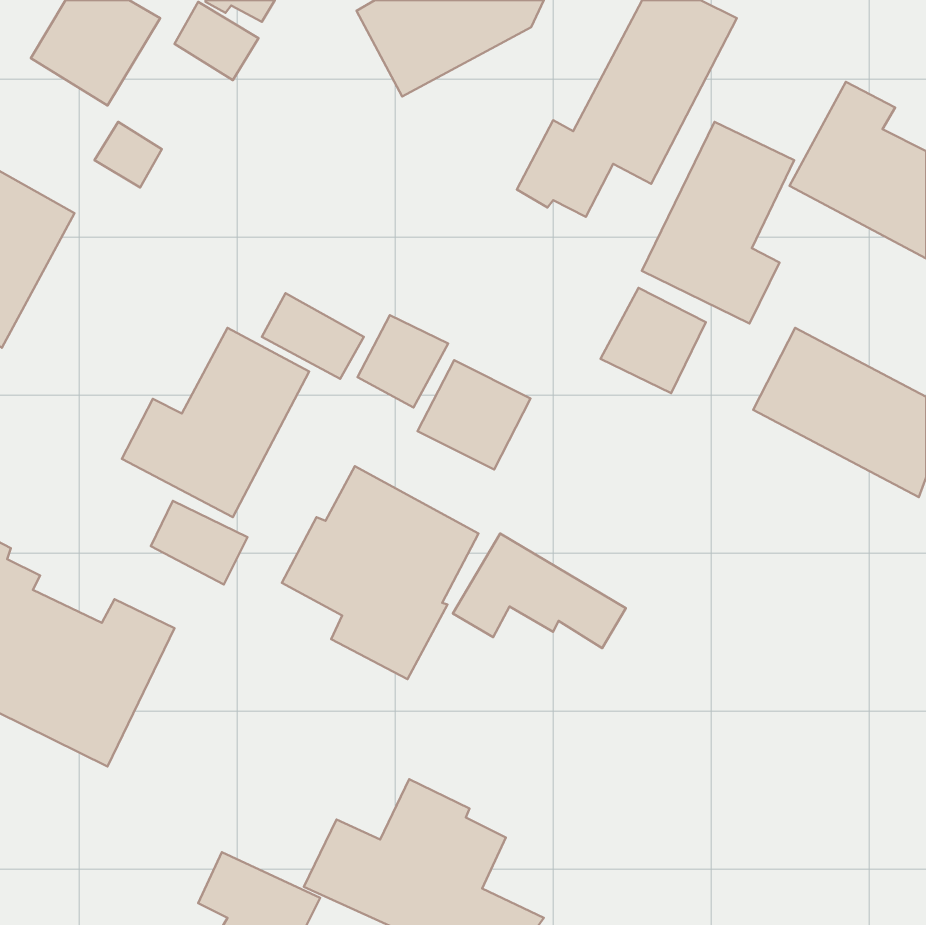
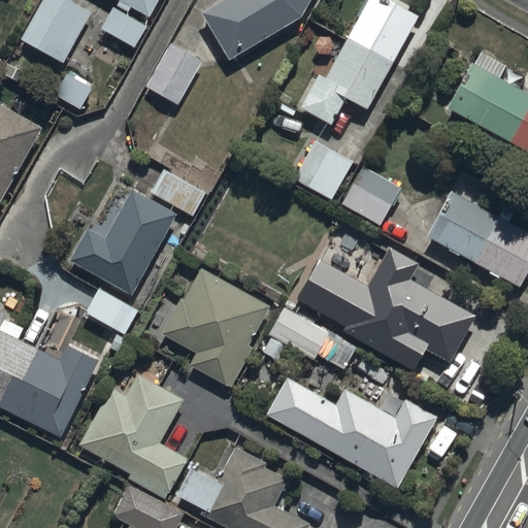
building: none -> [144,42,201,105]
building: [642,122,794,323] -> none
building: [358,315,448,408] -> none
building: [418,360,530,469] -> [288,140,352,202]
building: none -> [294,243,475,372]
building: none -> [78,374,187,498]
building: none -> [265,375,456,487]

